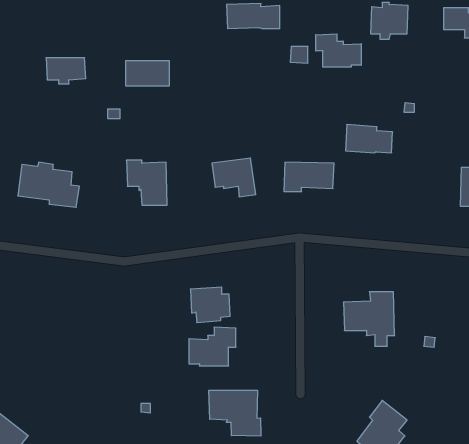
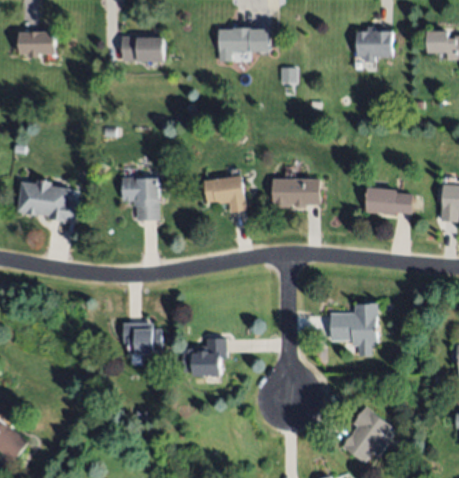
building: [316,34,361,67] -> none
building: [46,58,86,84] -> [18,32,56,57]
building: [126,61,169,86] -> [122,36,164,60]
building: [346,125,393,153] -> [367,186,412,213]
building: [190,287,230,323] -> [123,321,161,355]
building: [209,390,261,436] -> none

